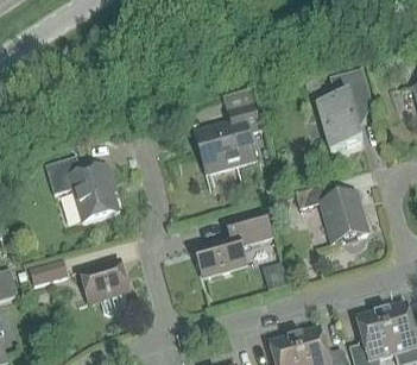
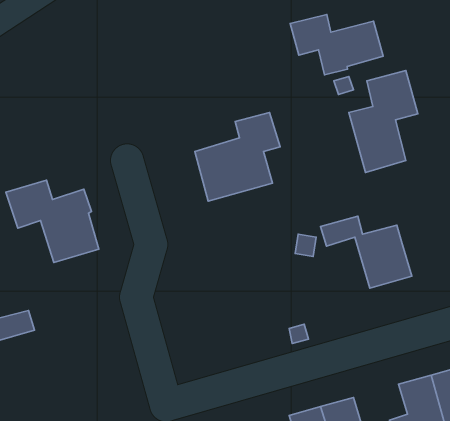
building: none -> [290,14,383,75]
building: [195,209,273,278] -> none
building: [80,259,129,314] -> none

